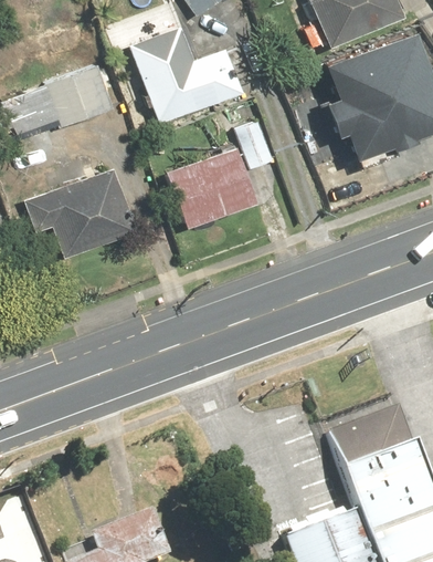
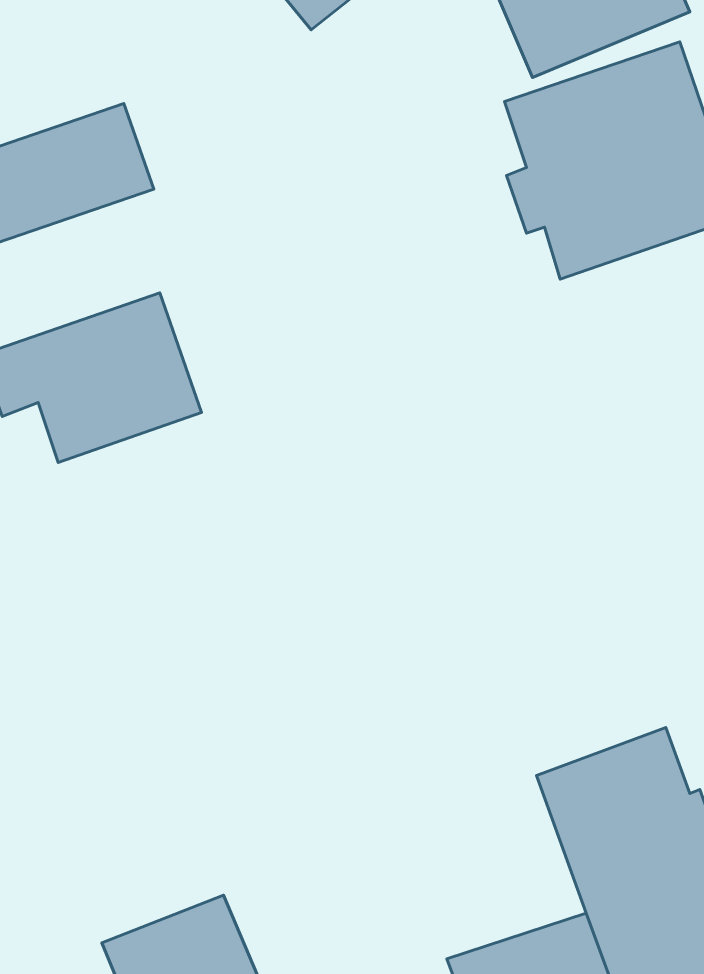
building: [129,24,247,132] -> none
building: [165,145,264,228] -> none

